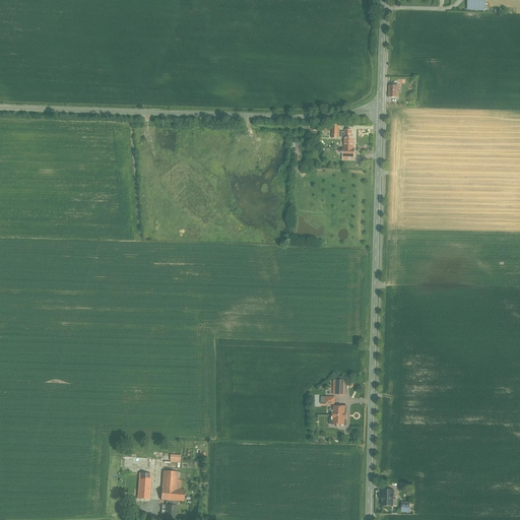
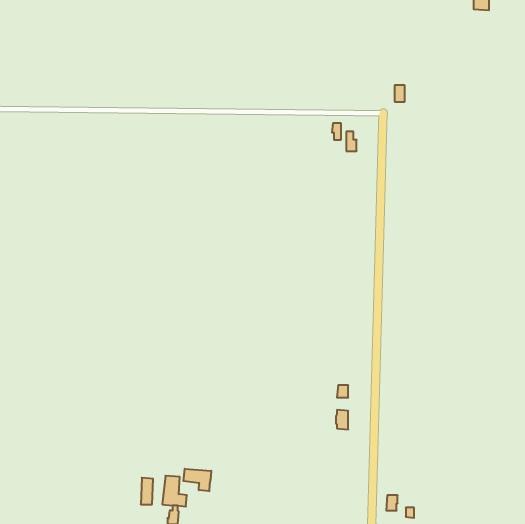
building: none -> [183,469,211,491]

